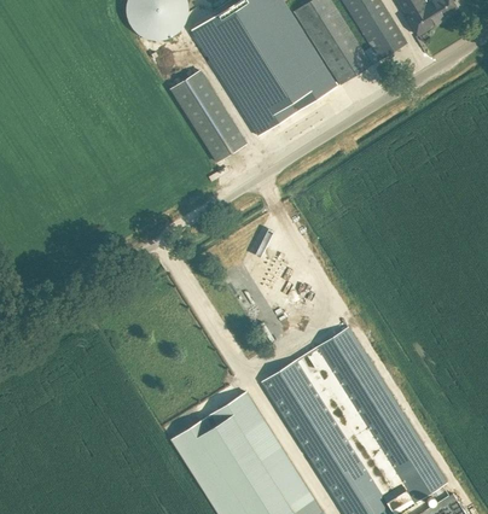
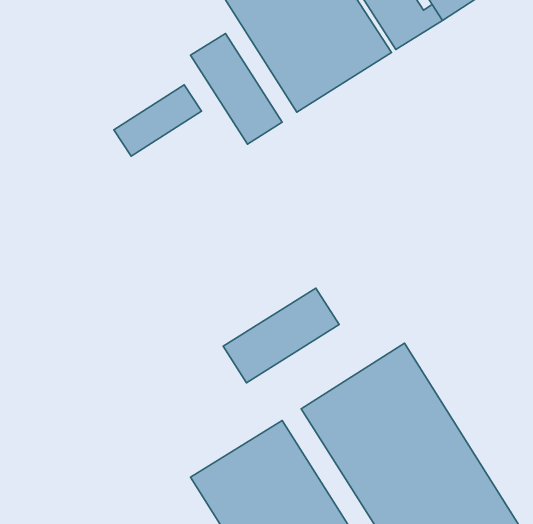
building: none -> [114,85,202,156]
building: none -> [223,288,339,383]

